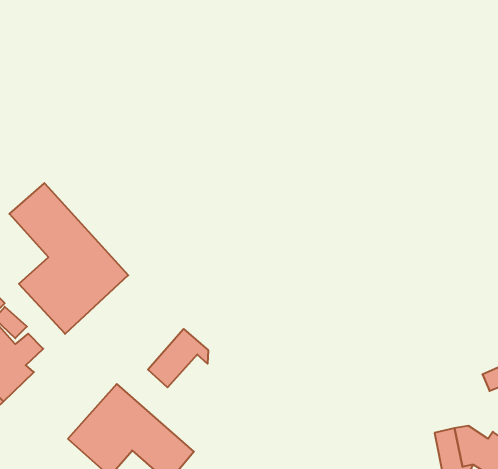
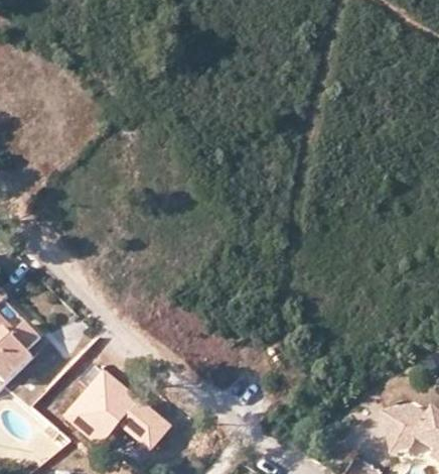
building: [9,183,128,334] -> none
building: [148,329,208,387] -> none

